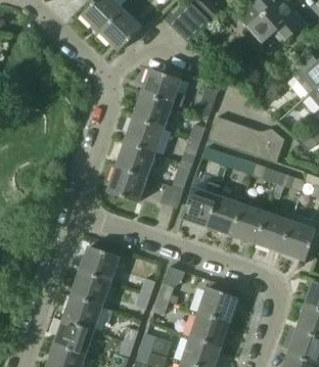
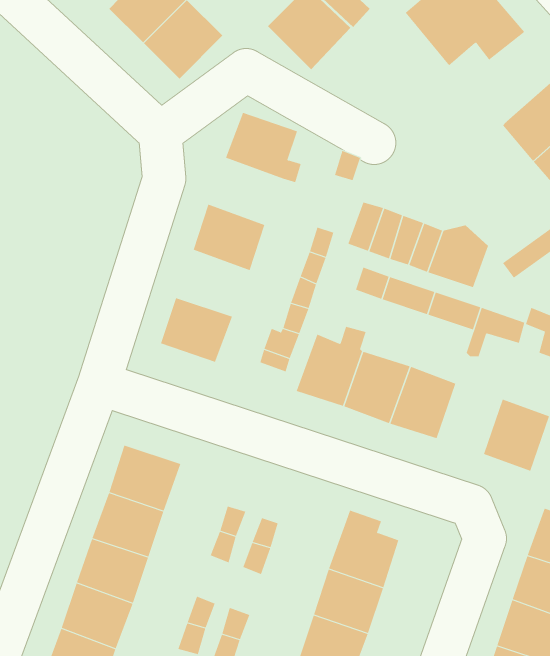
building: [134,92,174,128] -> none
building: [117,141,156,177] -> none
building: [257,213,291,250] -> none

